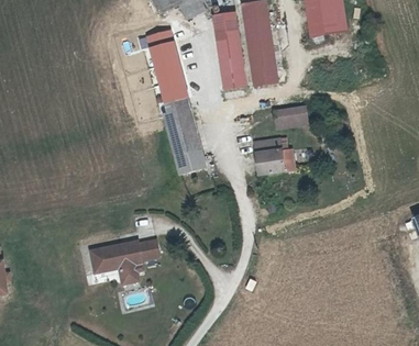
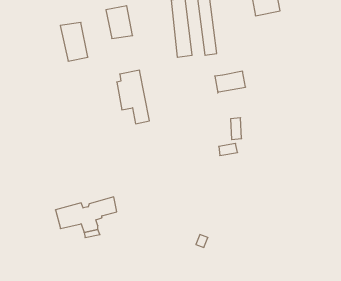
building: [155,59,186,102] -> [60,22,88,61]
building: [252,132,283,168] -> none
building: [166,139,200,175] -> none

